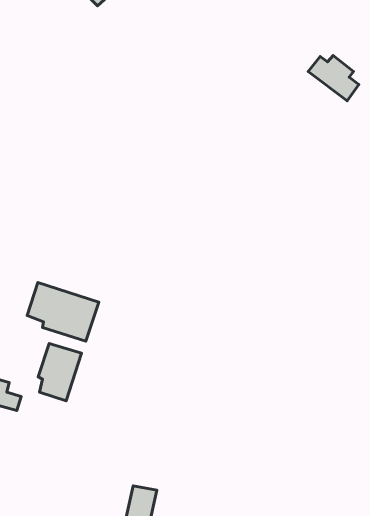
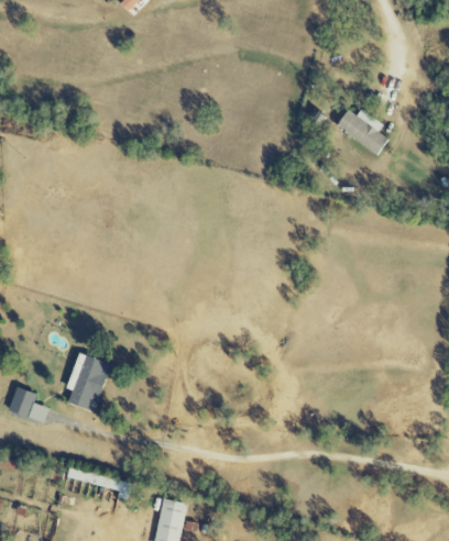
building: [308,55,359,101] -> [336,109,387,155]
building: [27,283,99,341] -> none

